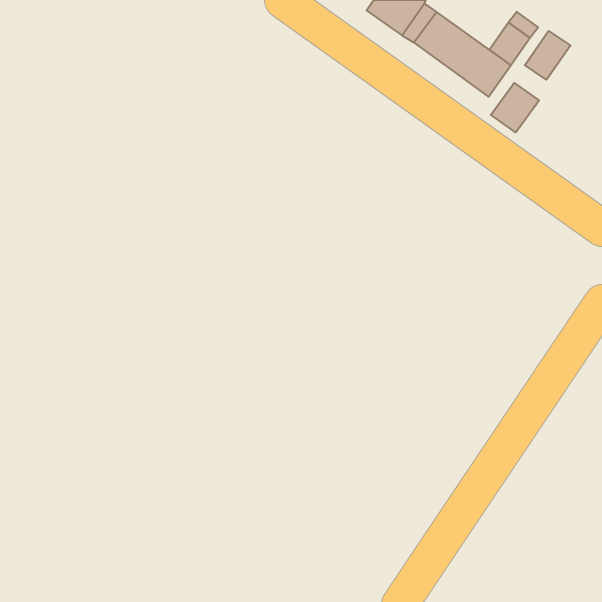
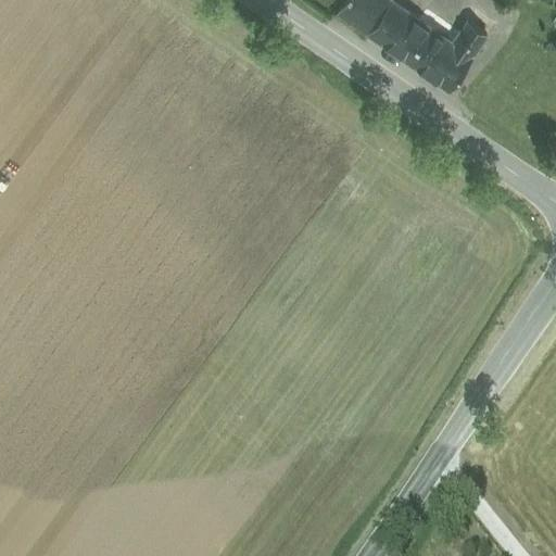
building: [525,31,570,80] -> none
building: [491,83,539,132] -> none

